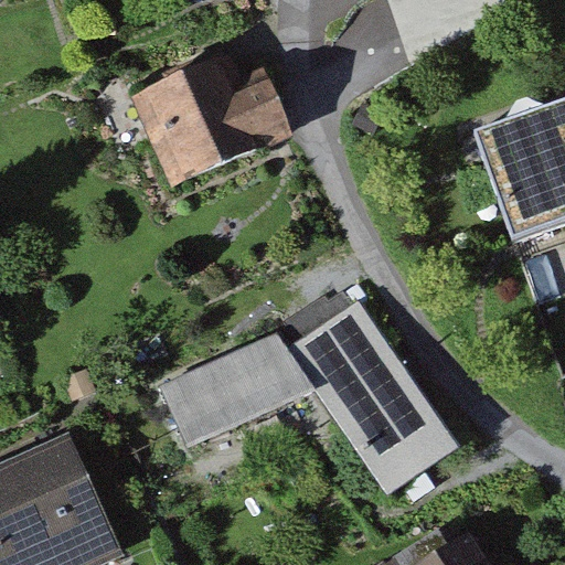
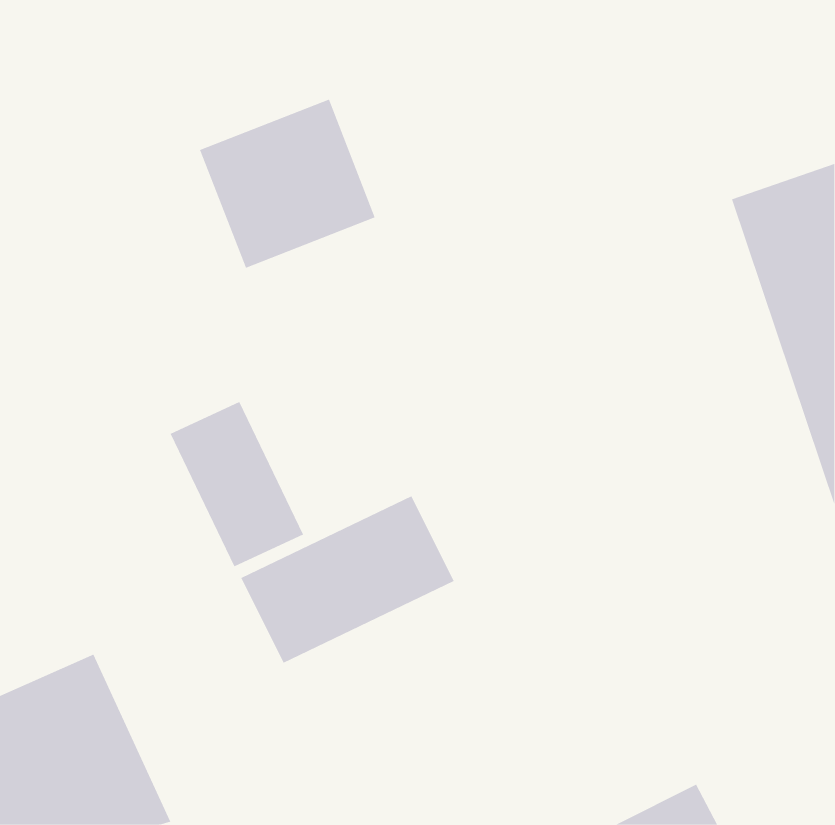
building: none -> [170,401,304,567]
building: [302,305,462,500] -> none

